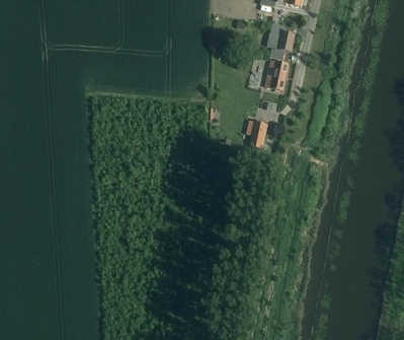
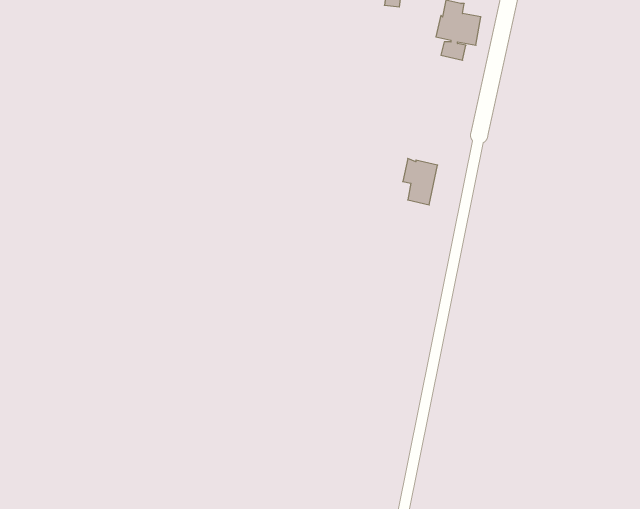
building: [264,59,288,91] -> none

